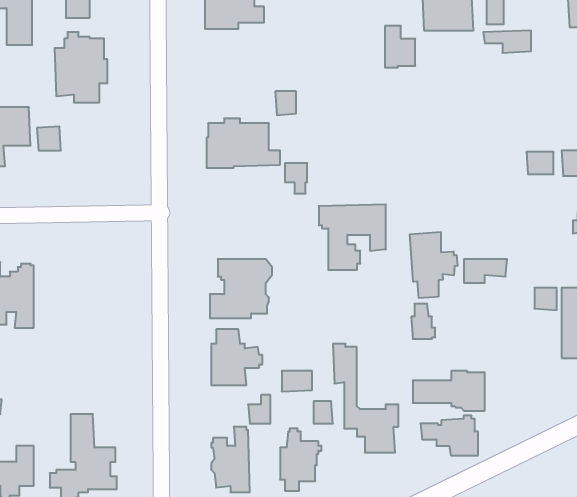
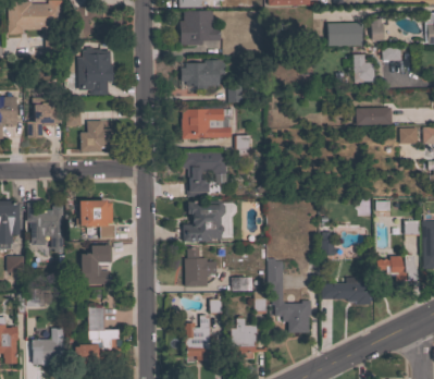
building: [385,26,415,68] -> [354,54,374,83]
building: none -> [181,60,224,89]
building: none -> [356,108,392,125]
building: none -> [79,121,120,152]
building: [319,204,386,270] -> [181,152,226,197]
building: [410,232,457,298] -> none
building: none -> [78,200,114,239]
building: none -> [80,246,111,284]
building: [420,416,478,455] -> [375,254,414,281]

